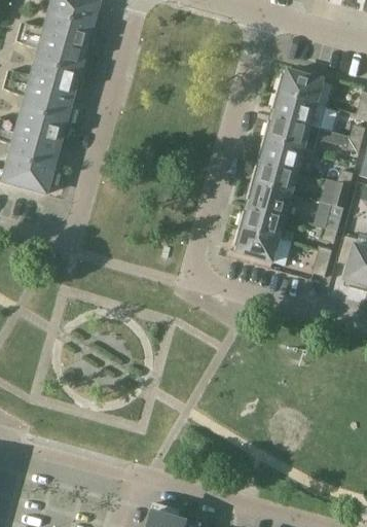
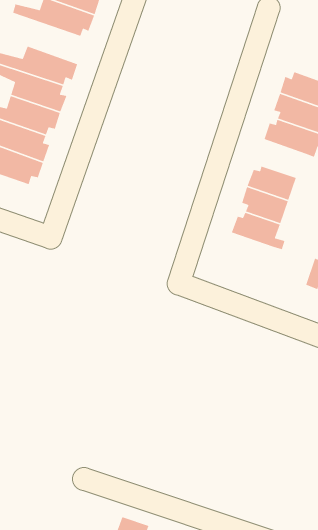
building: [15,31,88,75] -> none
building: [260,136,305,170] -> none
building: [235,226,281,261] -> none

